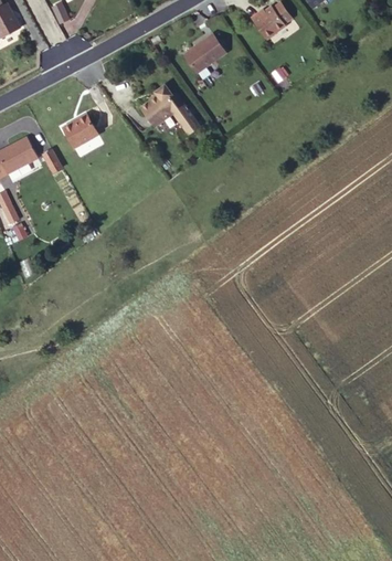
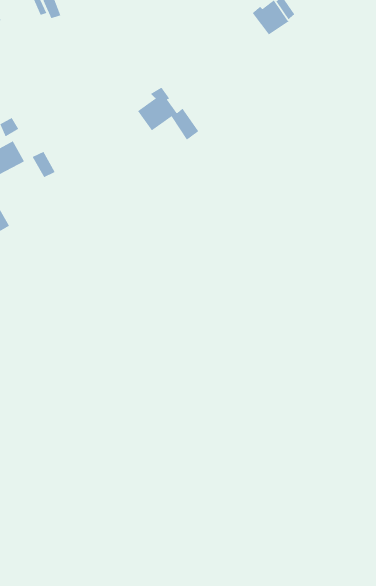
building: [187,34,227,73] -> none
building: [63,113,98,147] -> none

